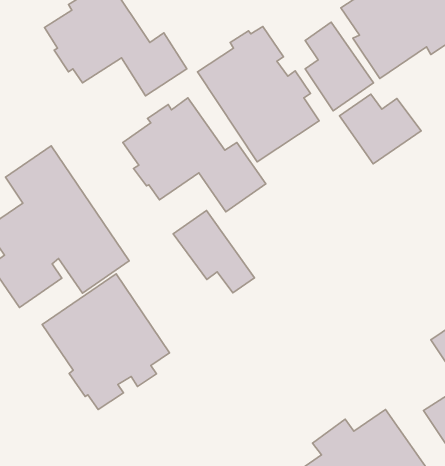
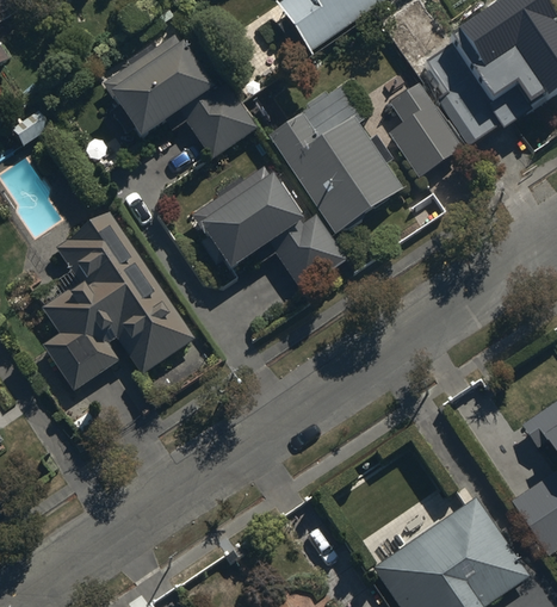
building: [340,94,421,164] -> none
building: [173,210,254,293] -> none
building: [42,274,170,410] -> none

